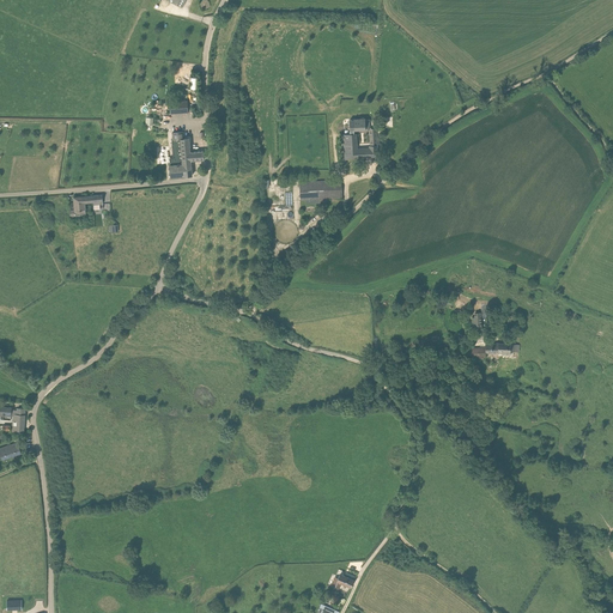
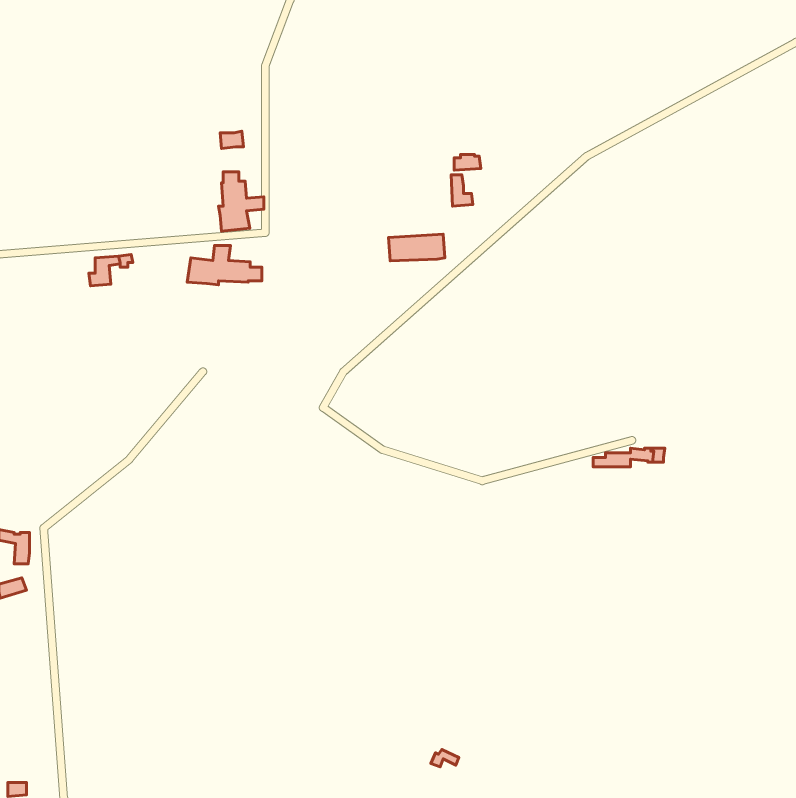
building: none -> [187,246,262,285]

